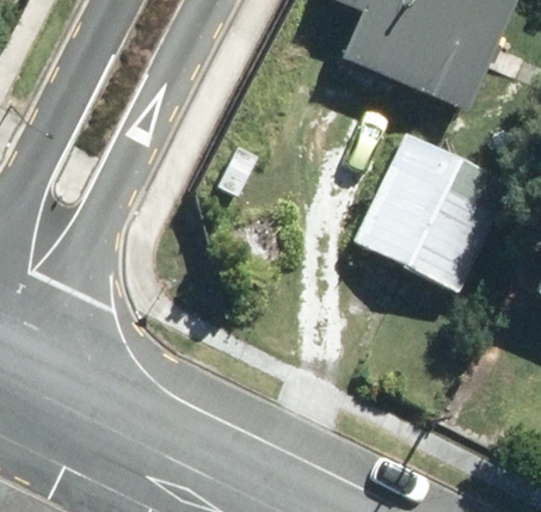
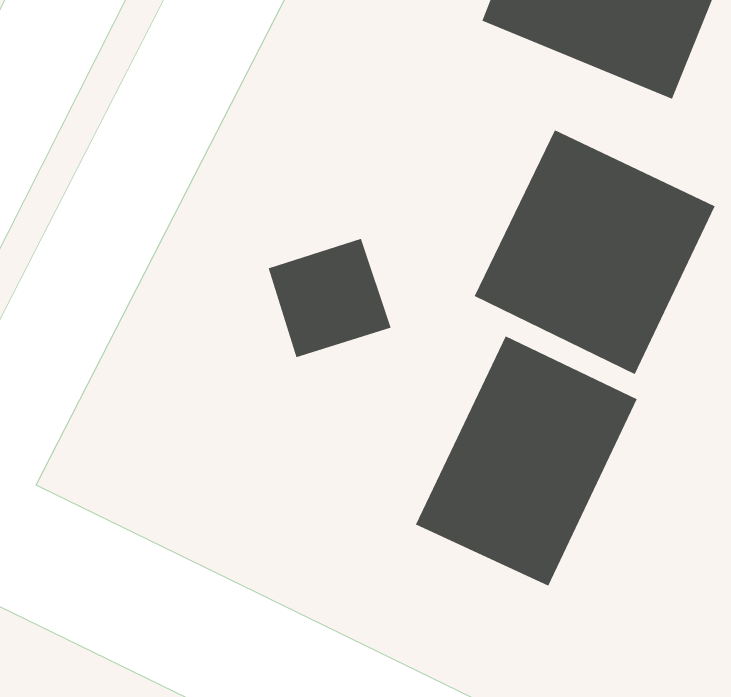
building: none -> [415,336,637,586]

